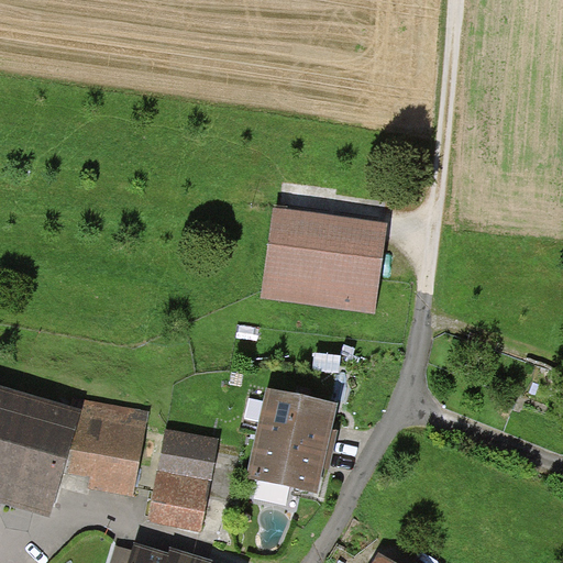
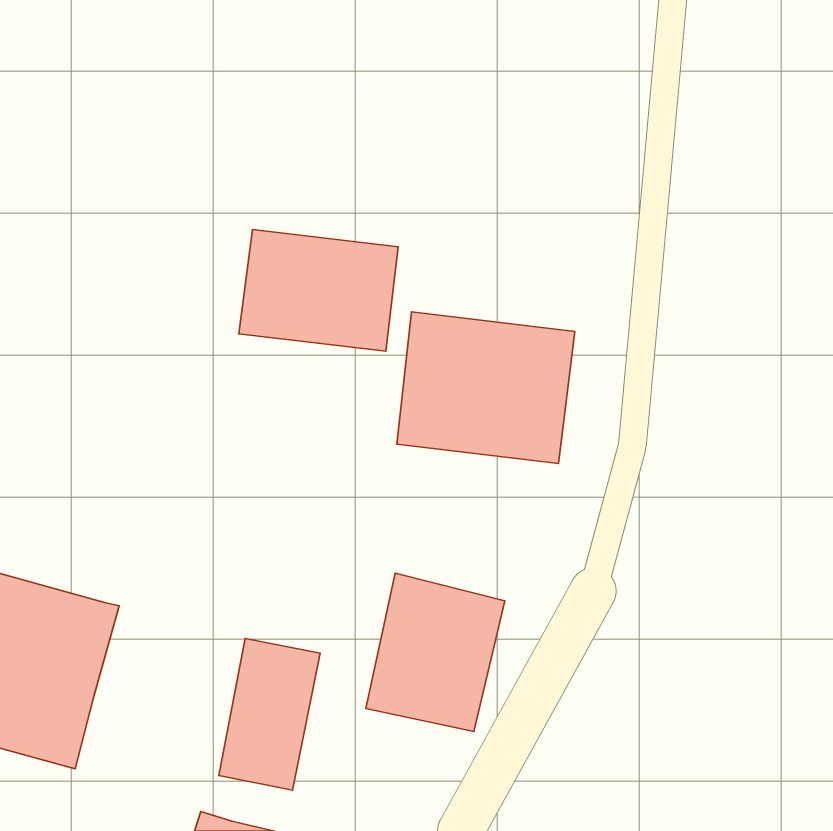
building: none -> [239,229,398,351]
building: [63,397,146,495] -> none

